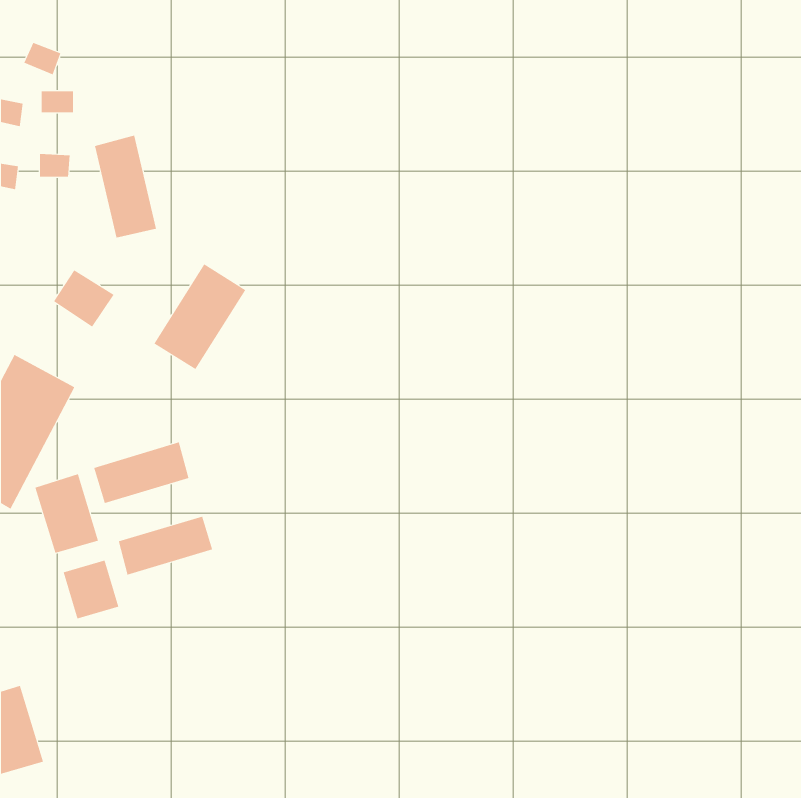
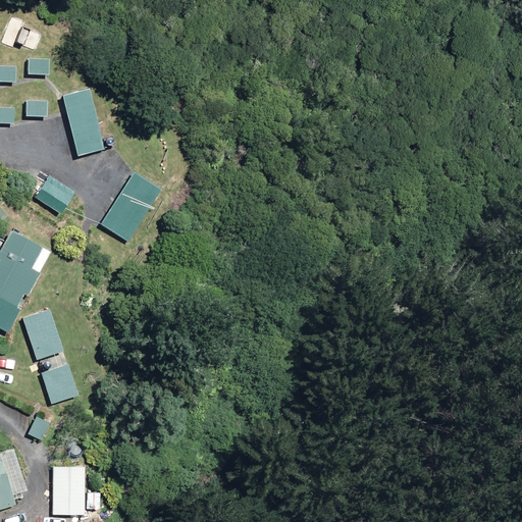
building: [94,441,189,504] -> none
building: [118,516,213,576] -> none
building: none -> [51,464,87,515]

